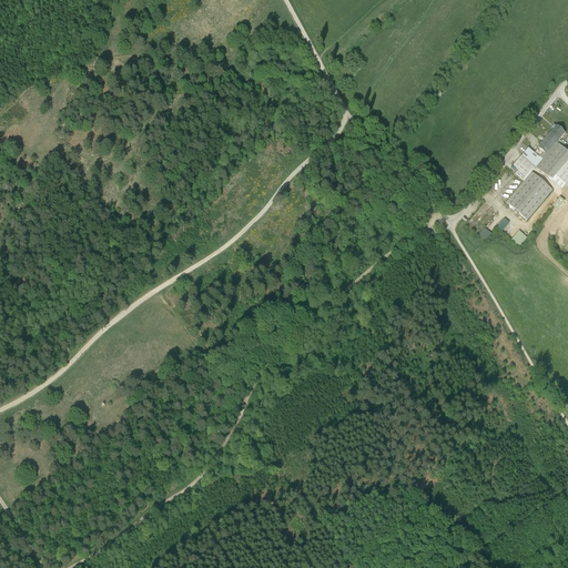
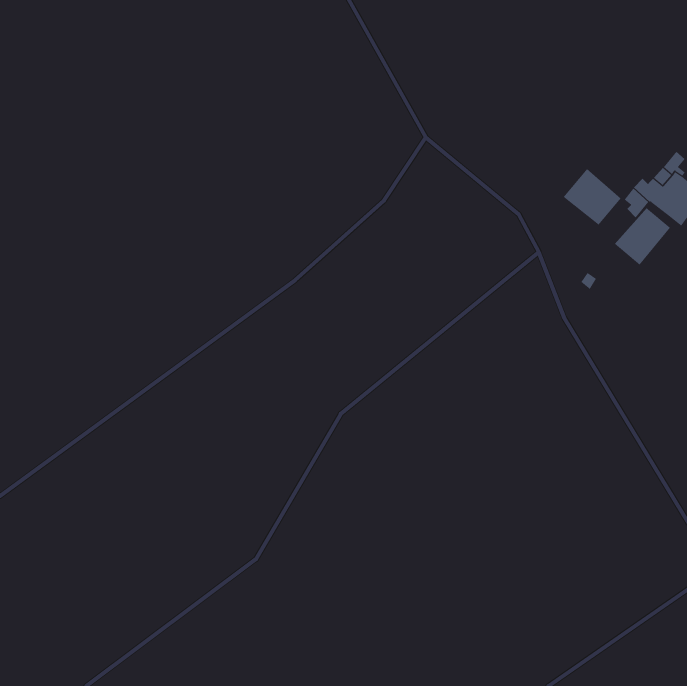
building: none -> [563,168,622,225]

